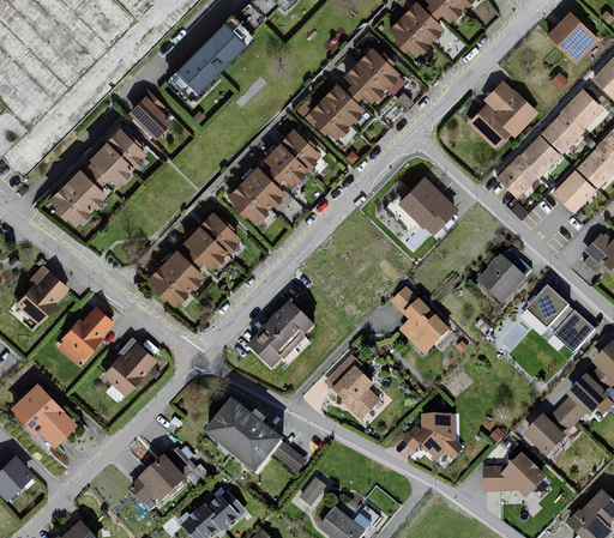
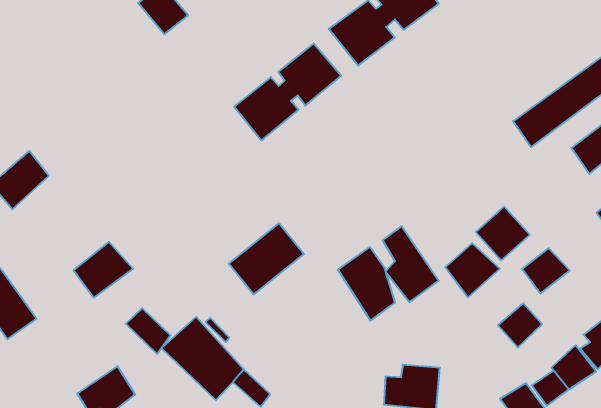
building: [463,78,537,147] -> none
building: [49,126,154,231] -> none
building: [392,174,453,231] -> none
building: [150,213,246,312] -> none
building: none -> [445,243,500,297]
building: [58,307,118,365] -> none
building: [550,310,591,352] -> [498,303,542,348]
building: [323,353,380,422] -> [338,247,395,321]
building: none -> [126,308,171,354]

